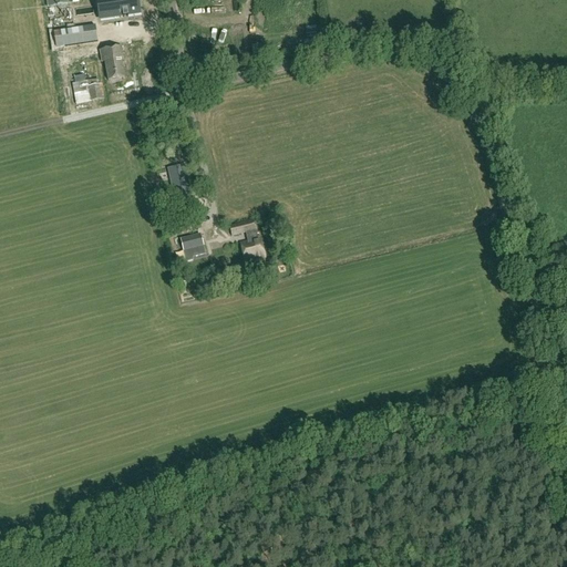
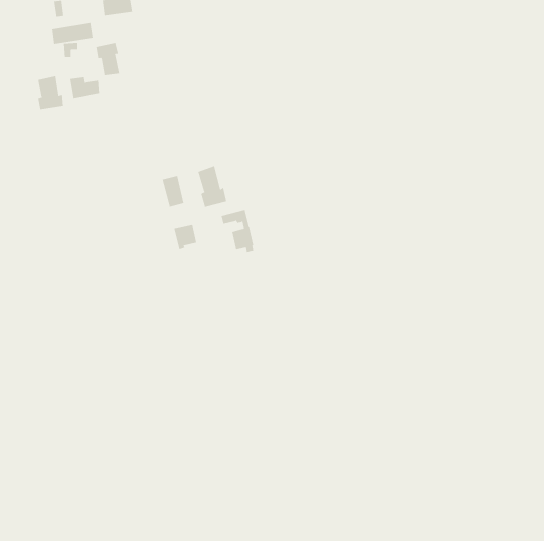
building: none -> [37,75,63,110]
building: none -> [198,166,226,208]

